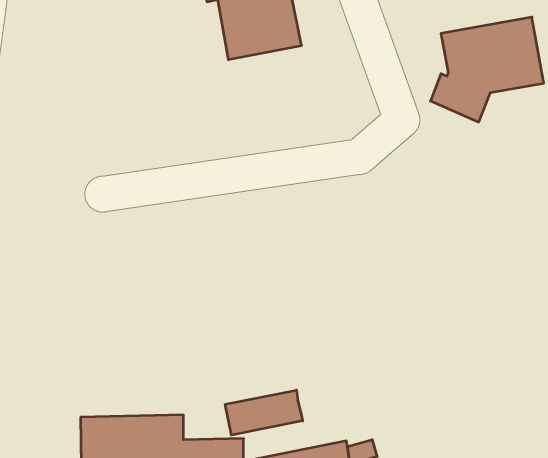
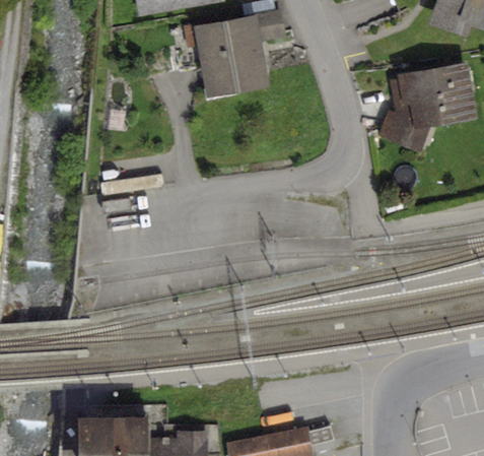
building: [225,390,303,435] -> none

